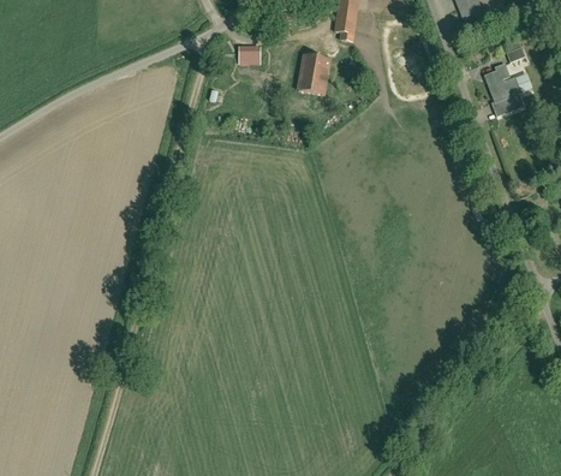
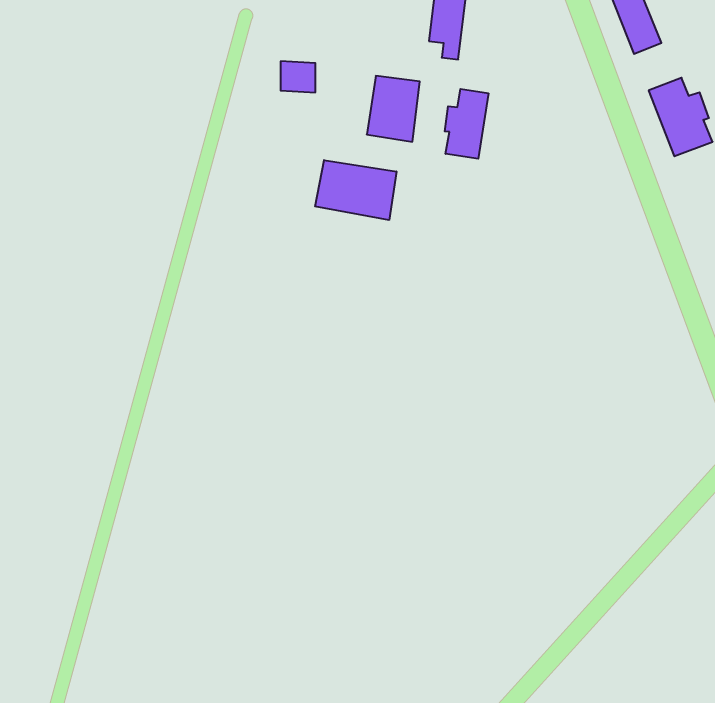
building: none -> [445,89,488,159]
building: none -> [315,160,396,220]

